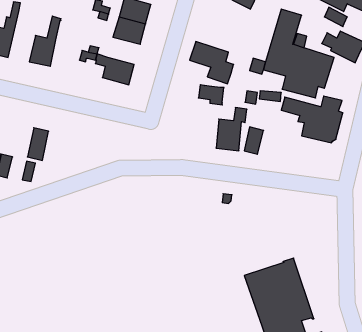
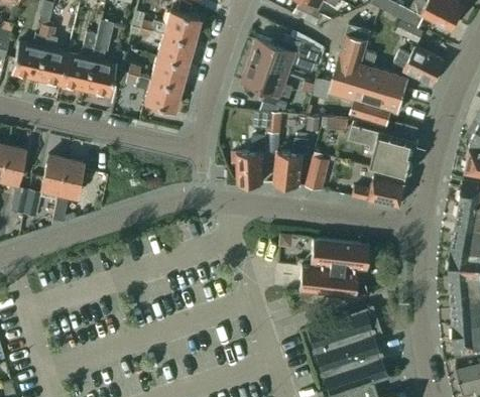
building: none -> [86,19,117,95]
building: none -> [37,26,69,84]
building: none -> [252,34,322,73]
building: none -> [151,55,189,87]
building: none -> [238,136,268,183]
building: none -> [41,155,67,192]
building: none -> [354,172,407,207]
building: none -> [299,238,370,296]

